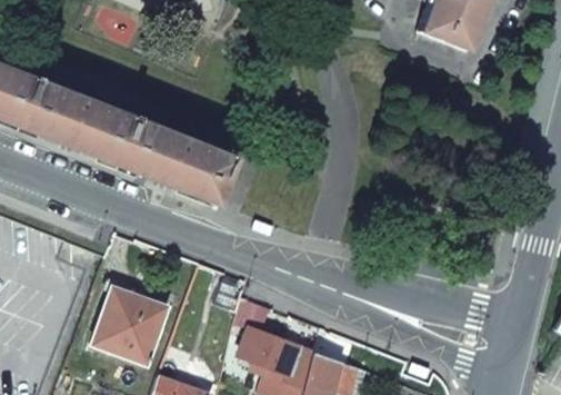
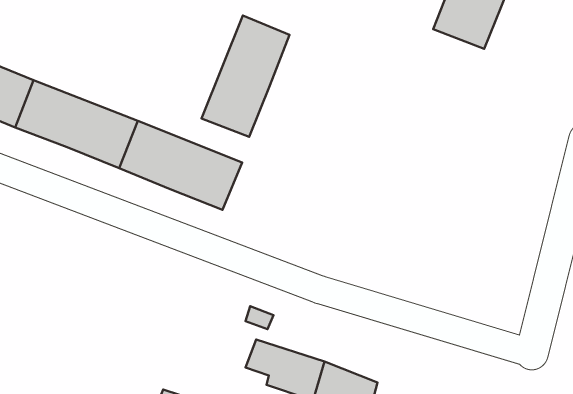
building: none -> [202,16,290,137]
building: [97,288,170,363] -> none

